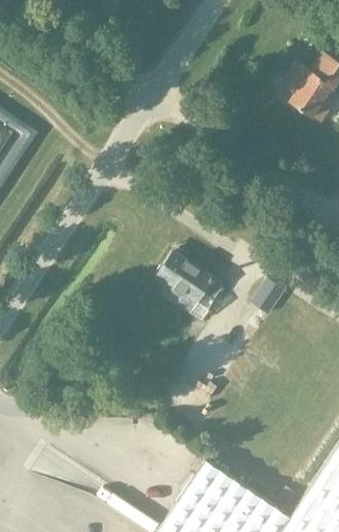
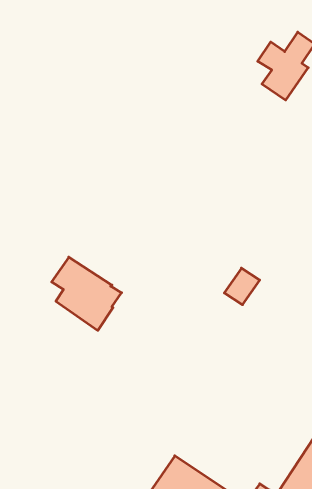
building: [156,250,224,321] -> [52,257,122,330]

